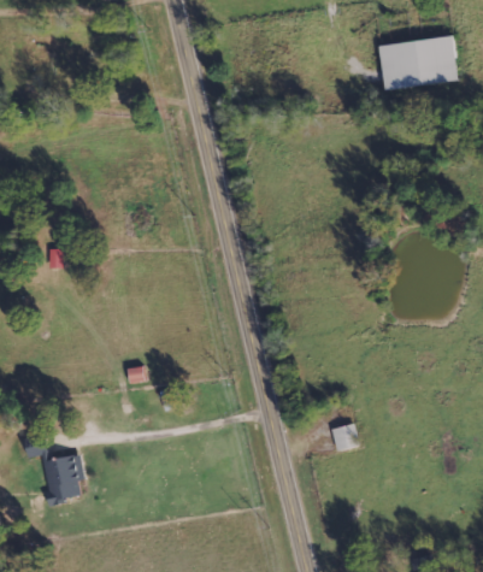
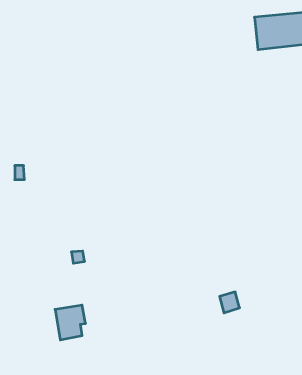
building: [42,454,84,502] -> [55,305,86,340]

